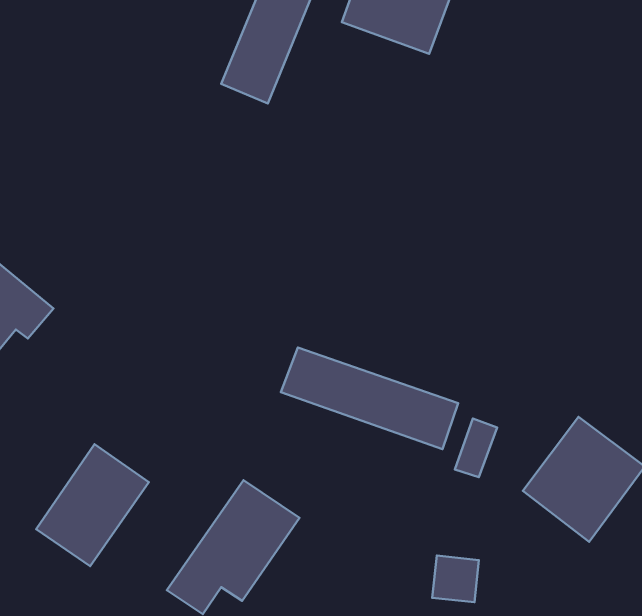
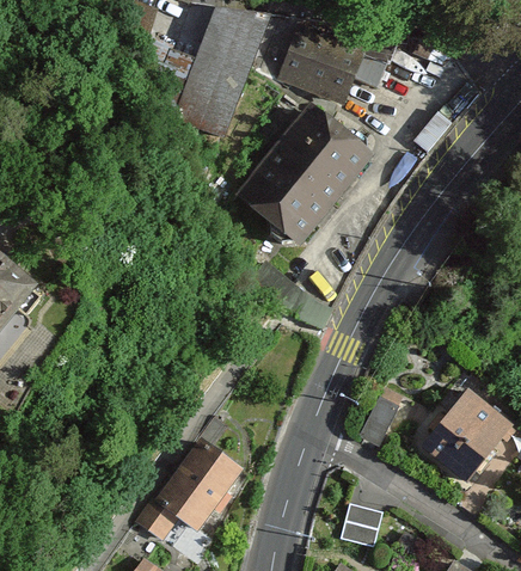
building: none -> [235,104,373,245]
building: [281,347,458,449] -> none
building: [36,444,149,566] -> none

